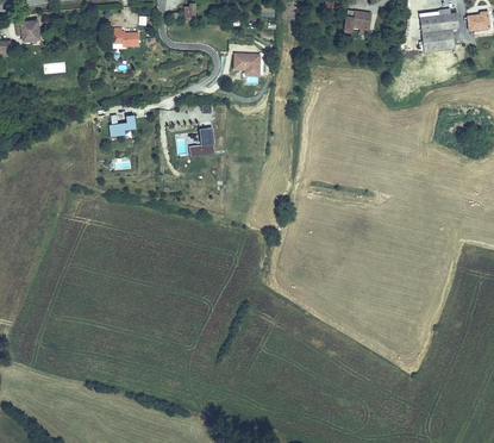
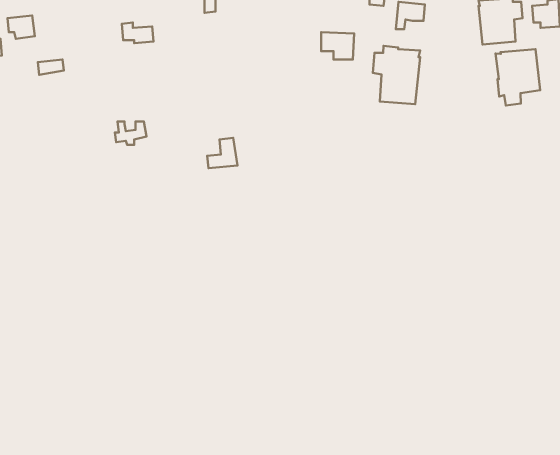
building: none -> [373,46,420,104]
building: [232,51,261,75] -> [321,32,354,60]
building: none -> [496,49,540,105]

